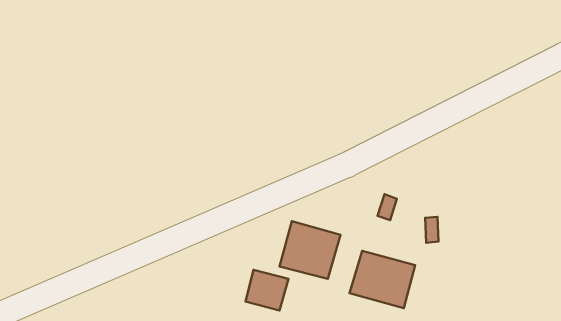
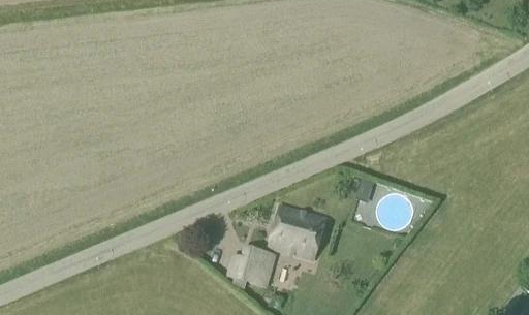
building: [349,251,415,308] -> none

